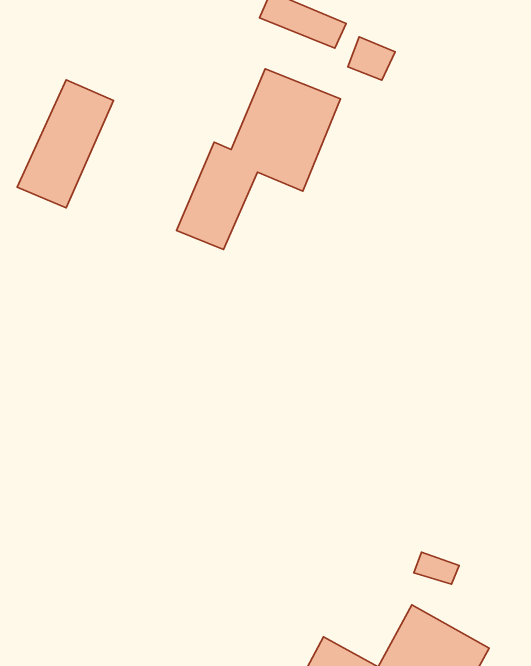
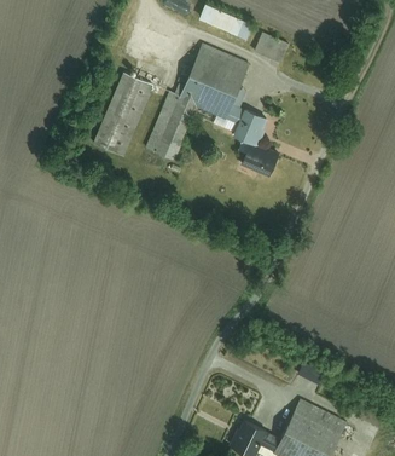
building: [17,80,113,208] -> [93,79,155,161]
building: none -> [231,108,275,175]

